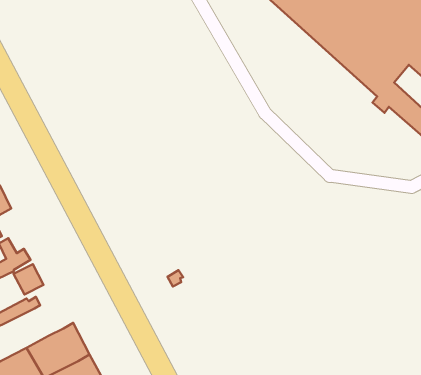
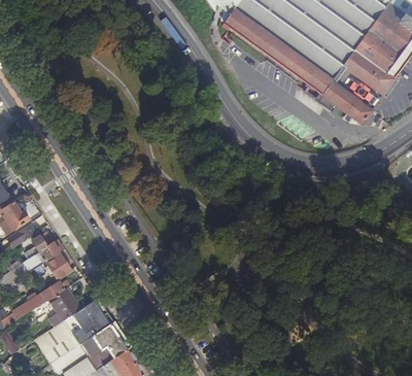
building: none -> [48,289,79,328]

